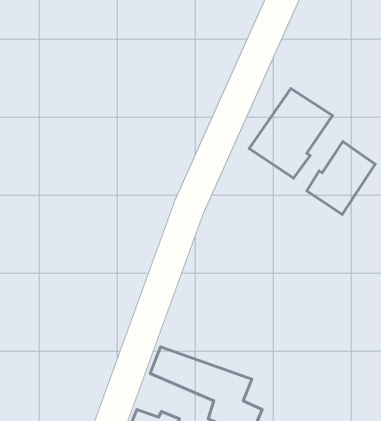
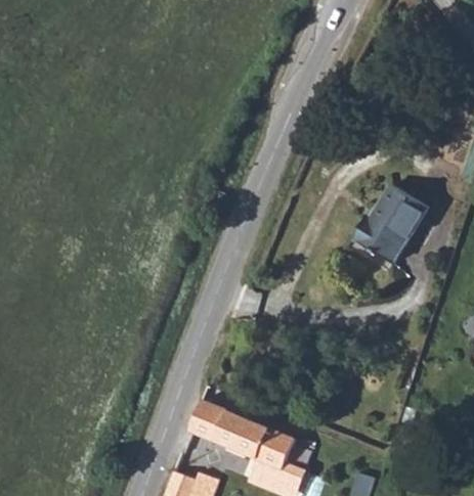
building: [249,88,332,178] -> none

